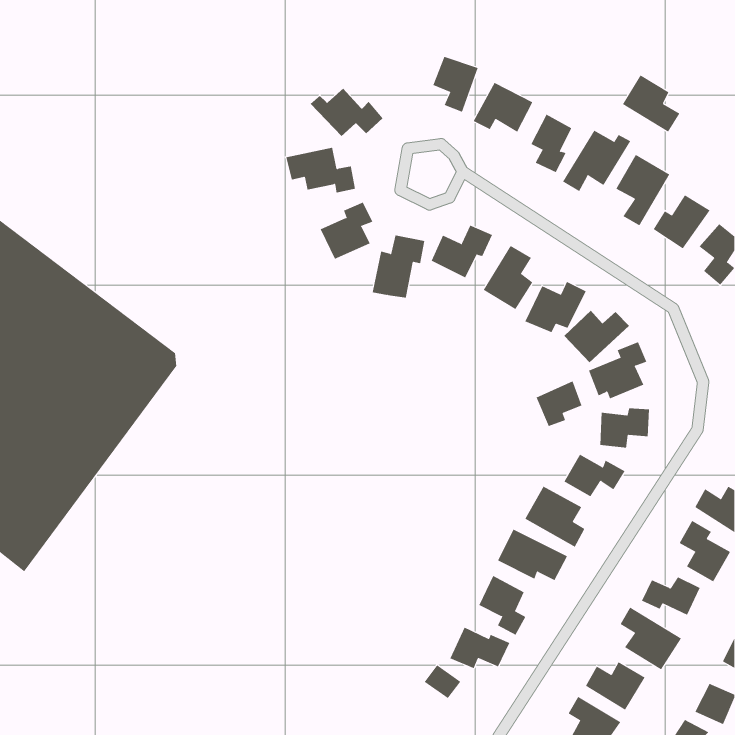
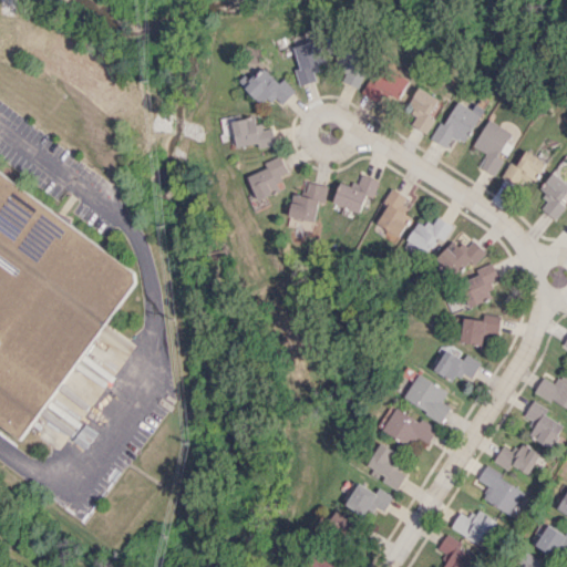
building: none -> [293,42,326,86]
building: [622,75,680,133] -> none
building: [536,381,582,427] -> none

